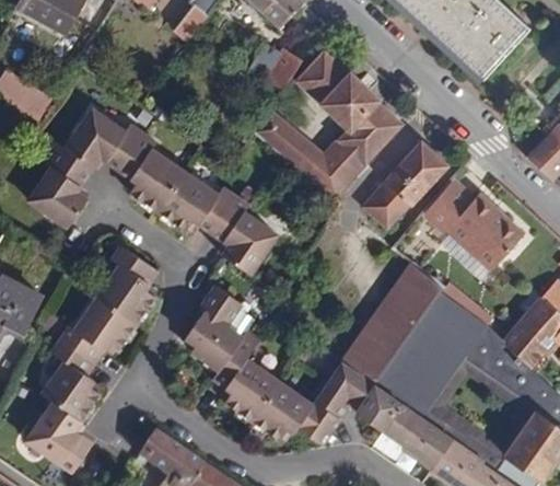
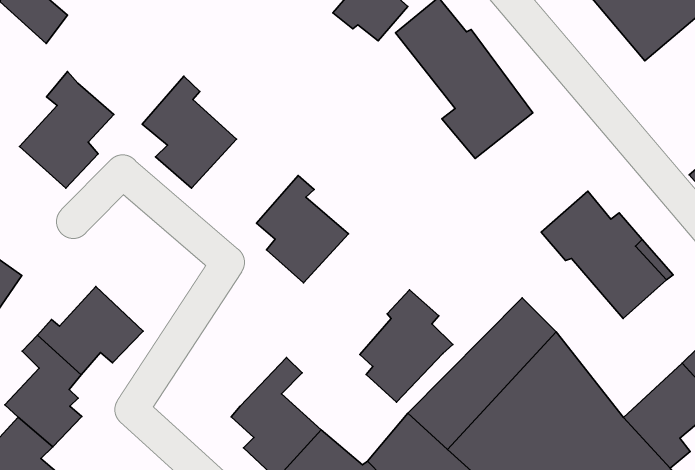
building: [255,107,360,199] -> none
building: [66,108,143,172] -> none
building: [363,141,448,230] -> none
building: [160,174,237,234] -> none
building: [98,247,160,325] -> none
building: [185,287,253,371] -> [360,290,453,402]

